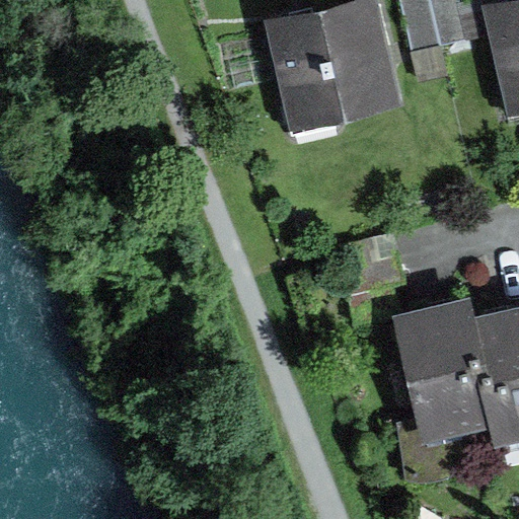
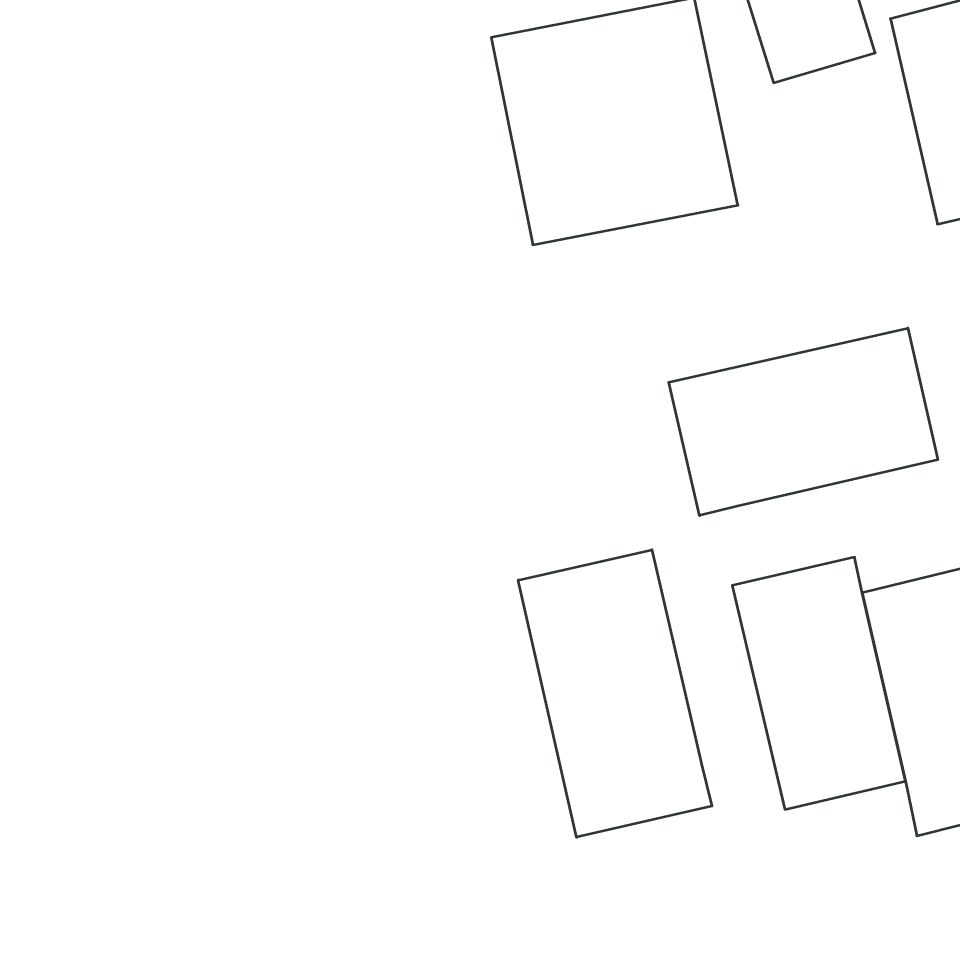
building: none -> [669,328,938,516]
building: none -> [518,550,712,837]

